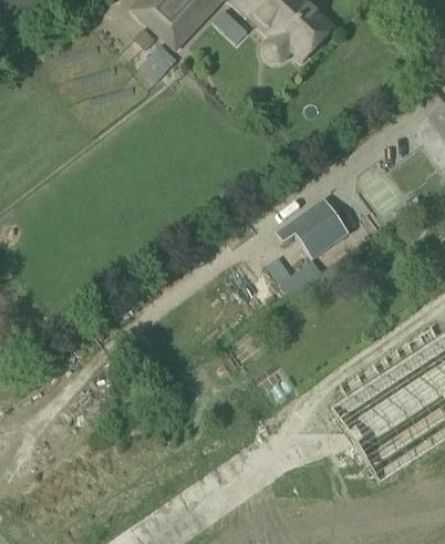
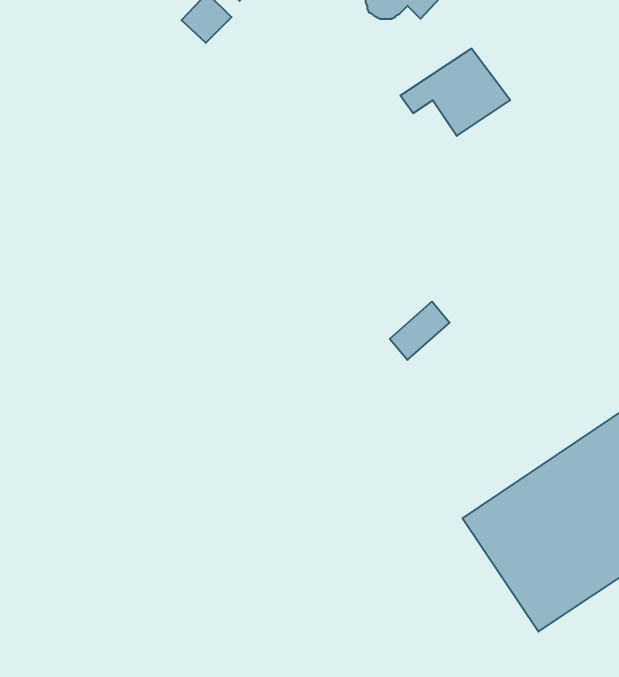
building: [275,197,350,257] -> [400,49,510,136]

